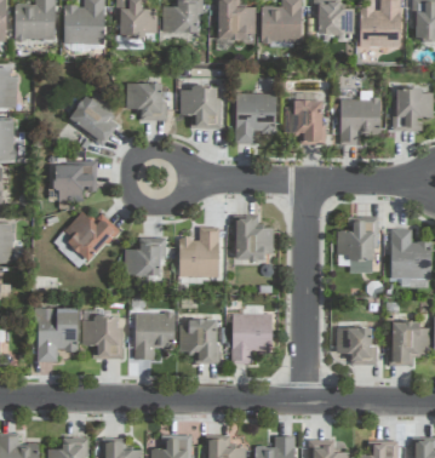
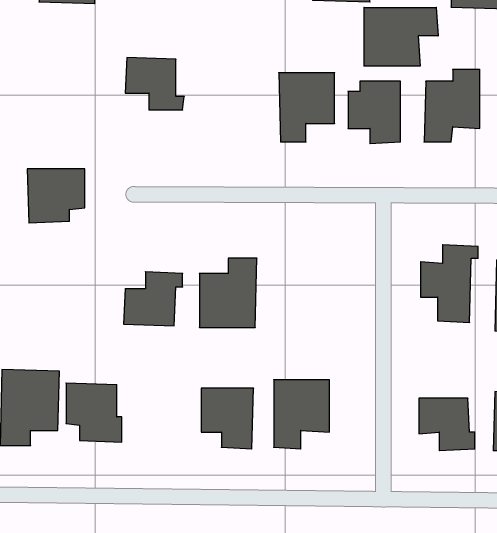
building: none -> [364,7,438,66]
building: [182,86,222,128] -> none
building: [70,88,118,142] -> none
building: [62,211,120,259] -> none
building: [235,216,274,259] -> none
building: [136,313,176,359] -> none

